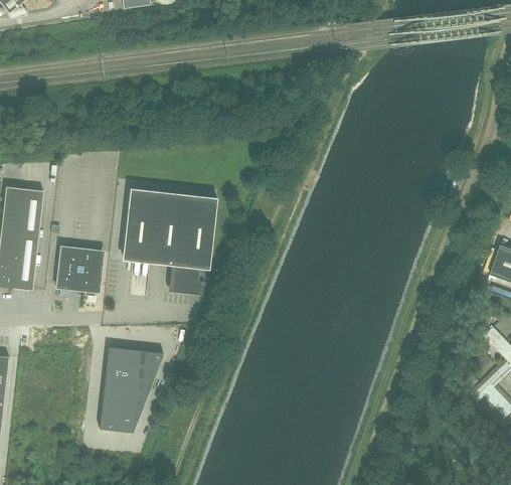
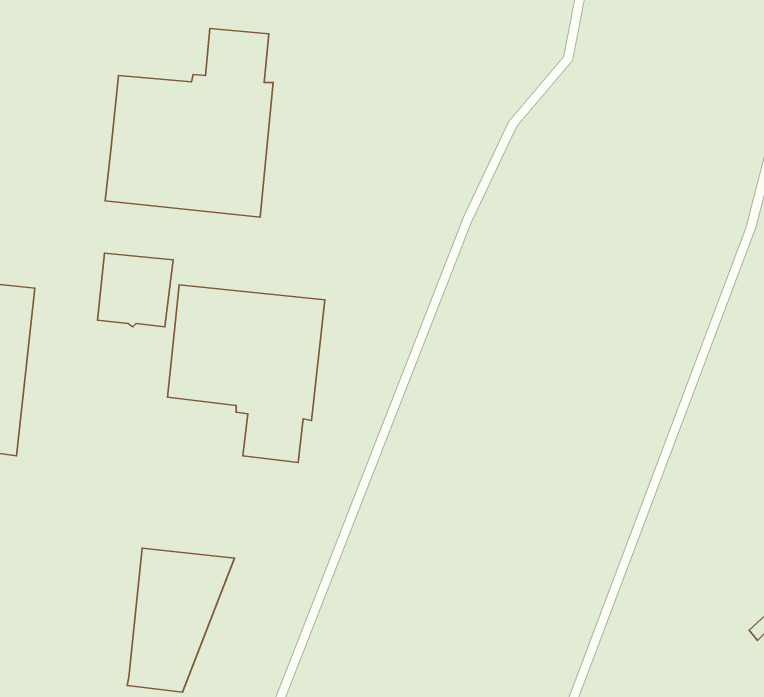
building: none -> [105,29,273,217]
building: [57,247,103,291] -> [98,253,173,327]

